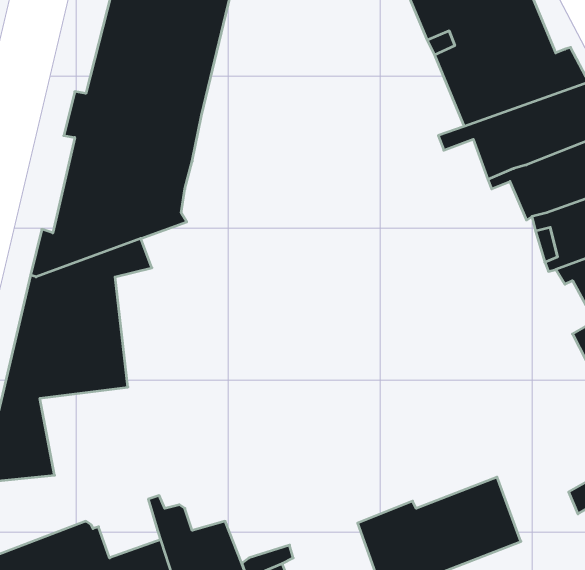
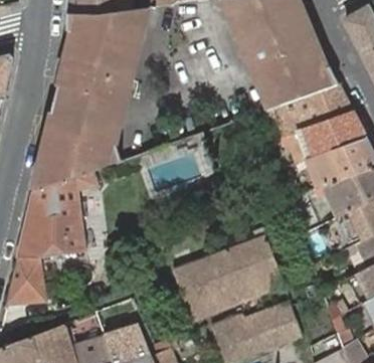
building: none -> [173,227,283,319]

